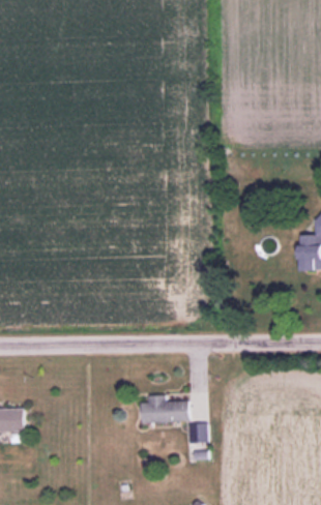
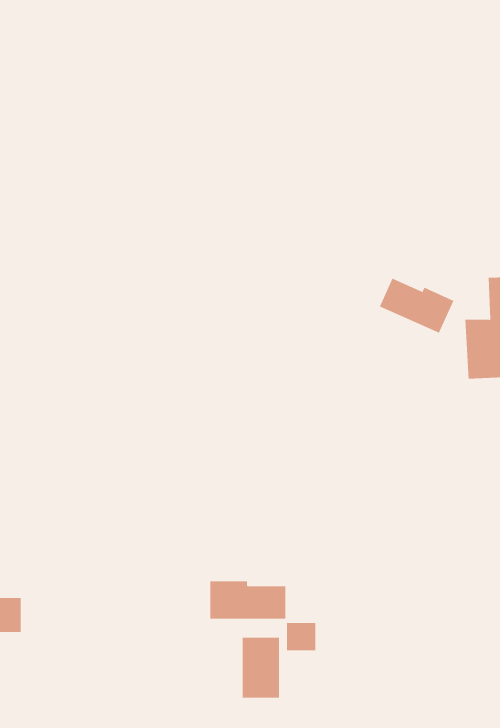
building: none -> [379,278,454,334]
building: none -> [242,637,280,699]

